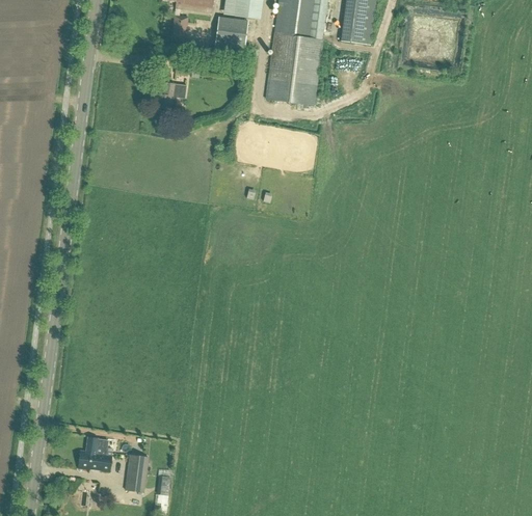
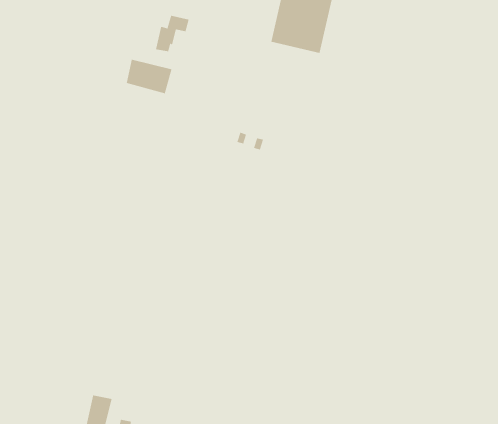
building: none -> [126,59,172,94]
building: [79,434,113,470] -> none

